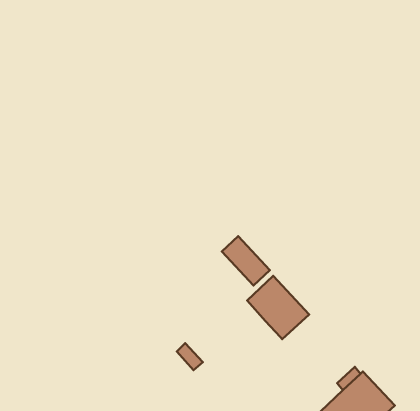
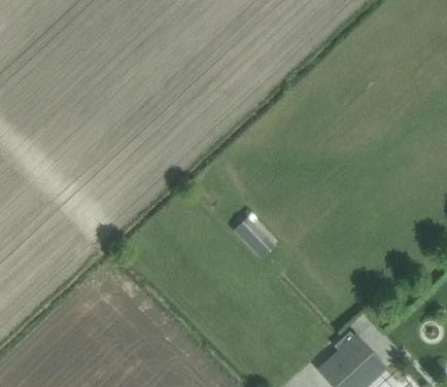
building: [247,276,309,339] -> none

